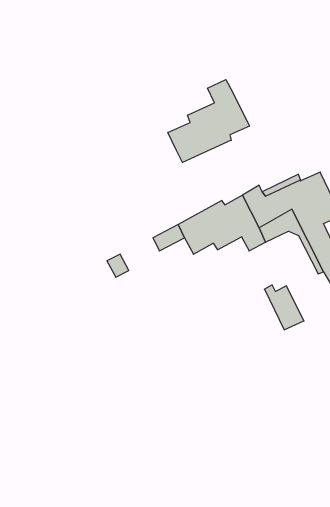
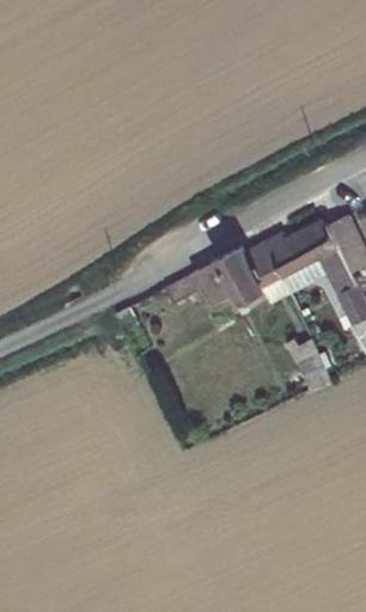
building: [168,80,250,162] -> none

